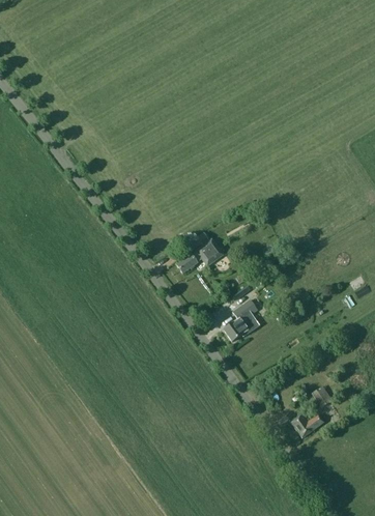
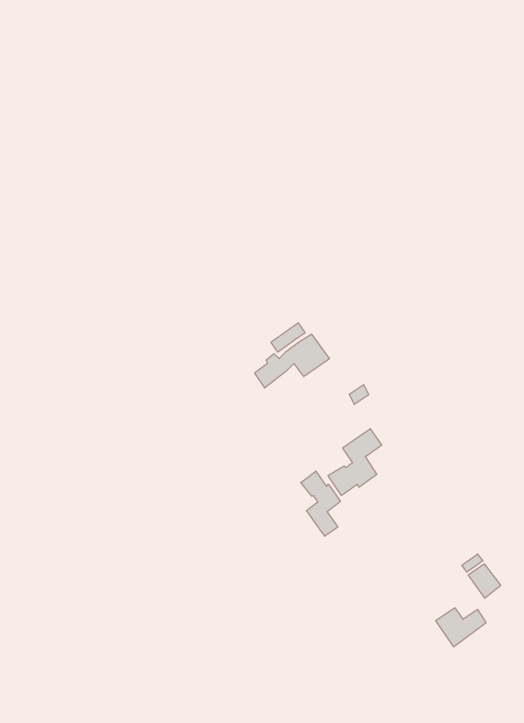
building: none -> [301,471,340,536]

